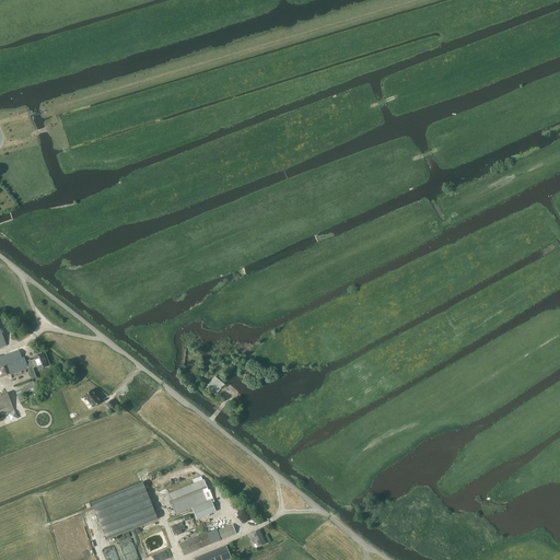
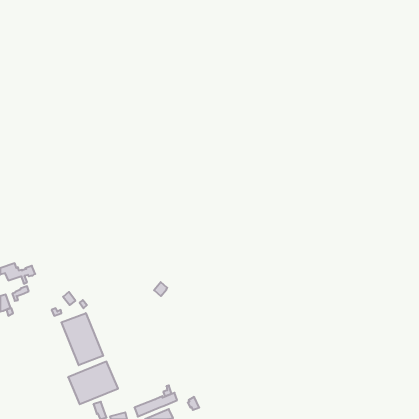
building: none -> [61,313,103,365]
building: [163,476,215,520] -> none

